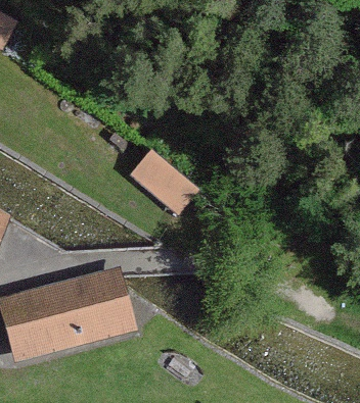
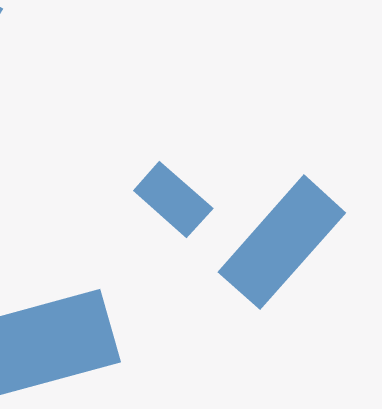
building: none -> [216,173,347,311]

